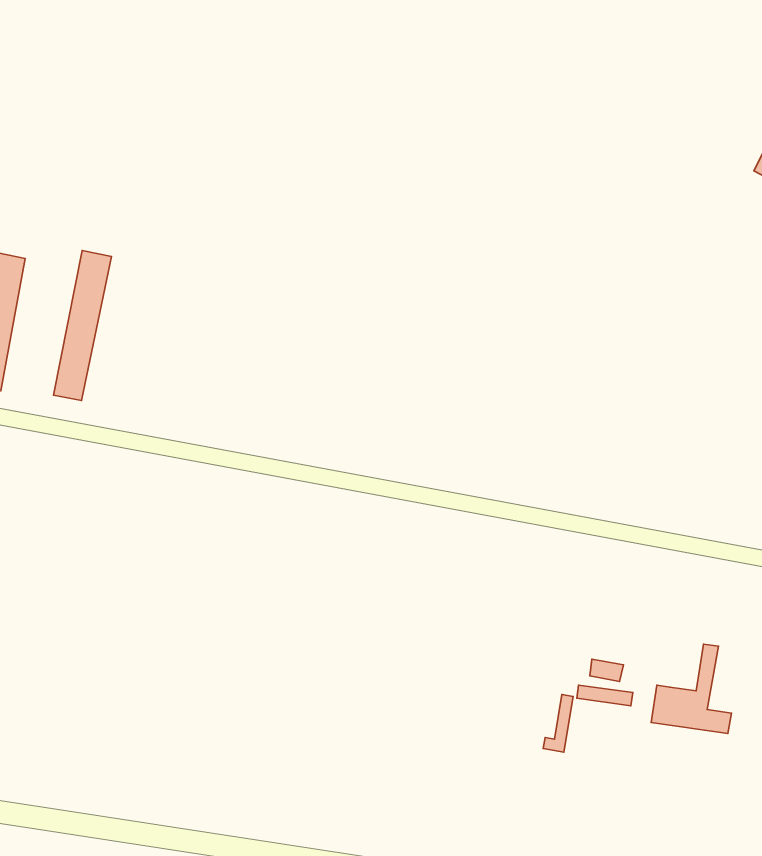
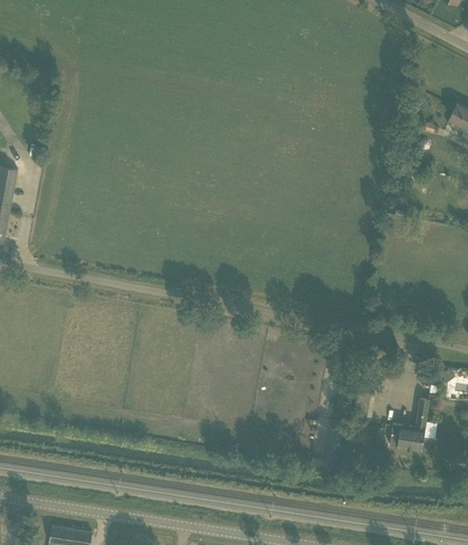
building: [54,251,111,400] -> none

